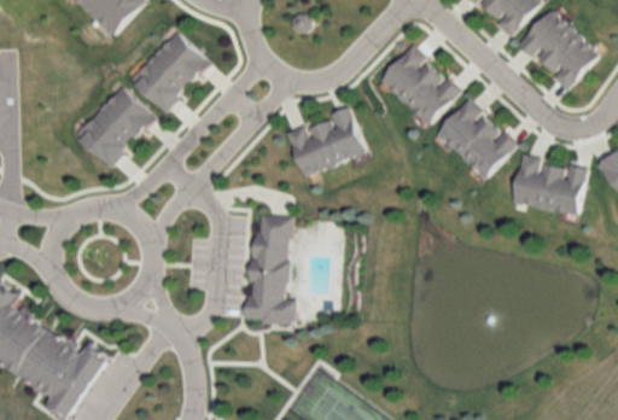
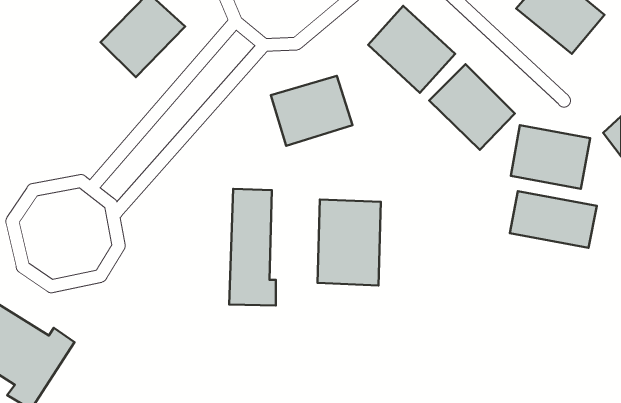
building: [75,87,154,167] -> none
building: none -> [510,191,597,248]
building: none -> [317,199,381,285]

